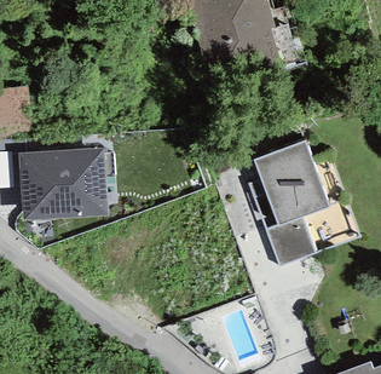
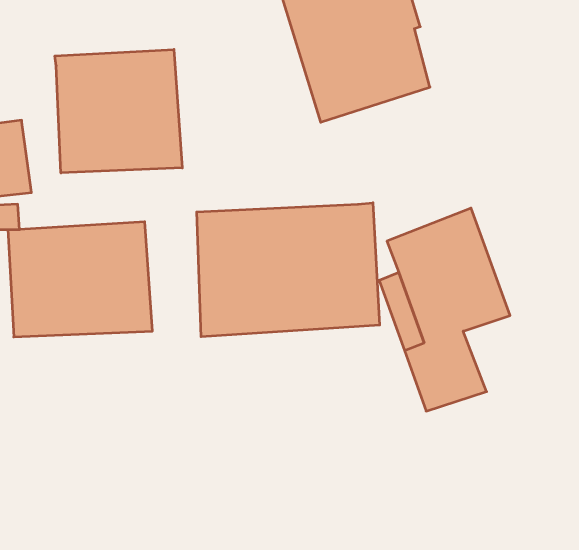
building: none -> [55,49,182,173]
building: none -> [197,203,380,337]

